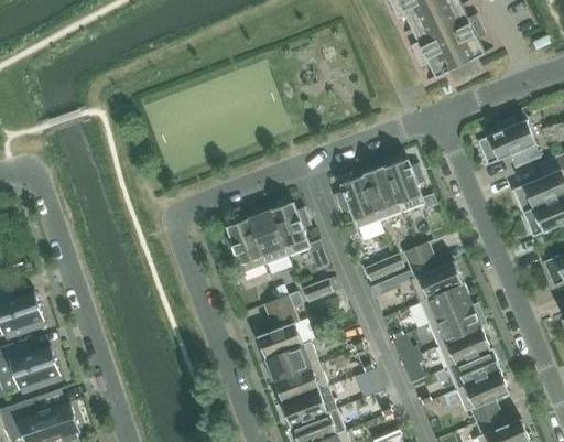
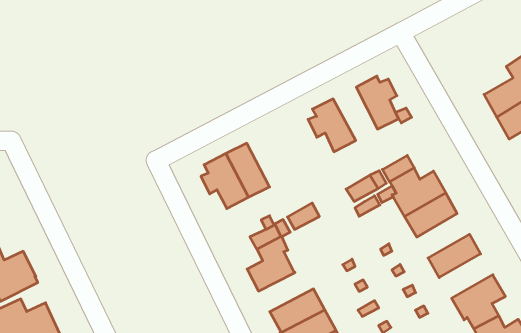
building: [477,116,540,169] -> none
building: [361,165,402,220] -> none
building: [270,202,311,257] -> none
building: [429,305,481,346] -> none
building: [264,341,319,381] -> none
building: [446,347,501,389] -> none

